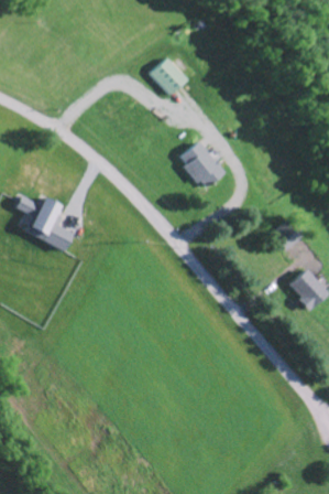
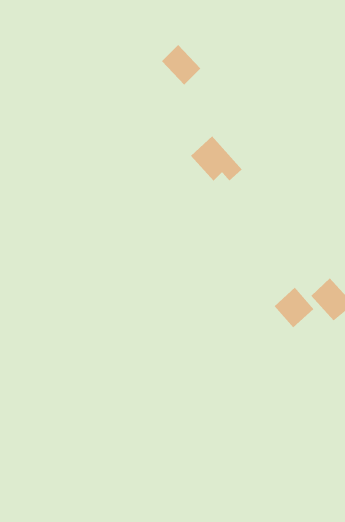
building: [17,195,73,250] -> none
building: none -> [274,287,314,328]

